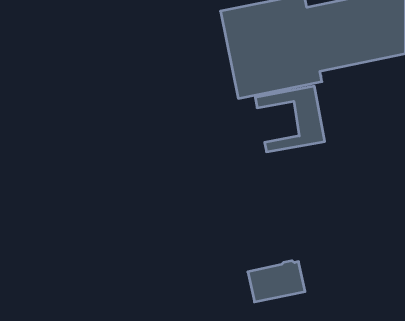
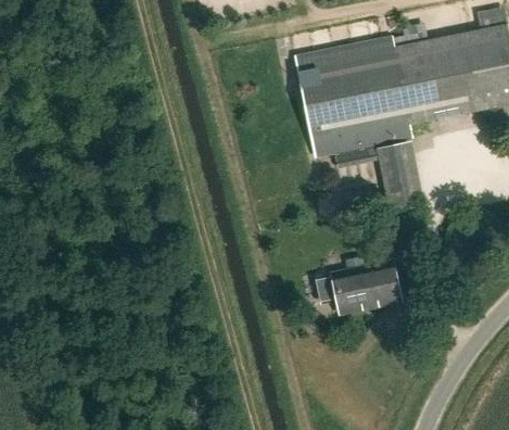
building: [248,261,305,302] -> [333,261,399,308]

